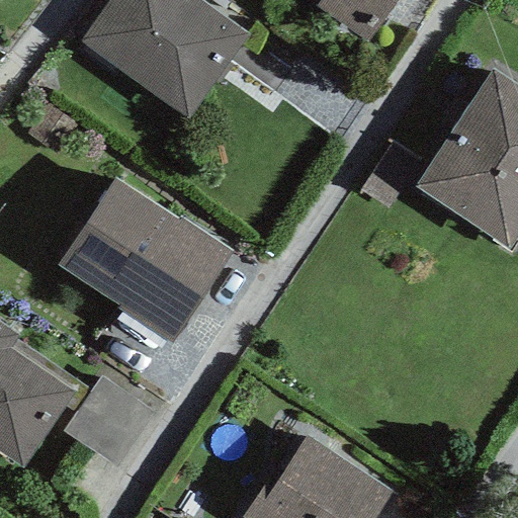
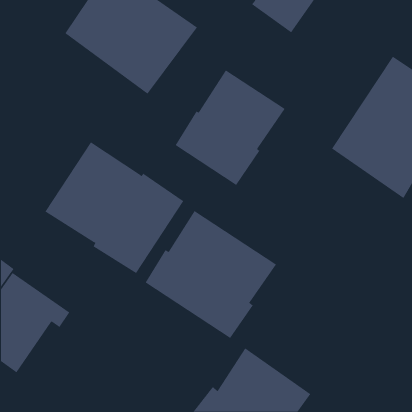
building: none -> [175,69,285,186]
building: none -> [145,210,277,339]

